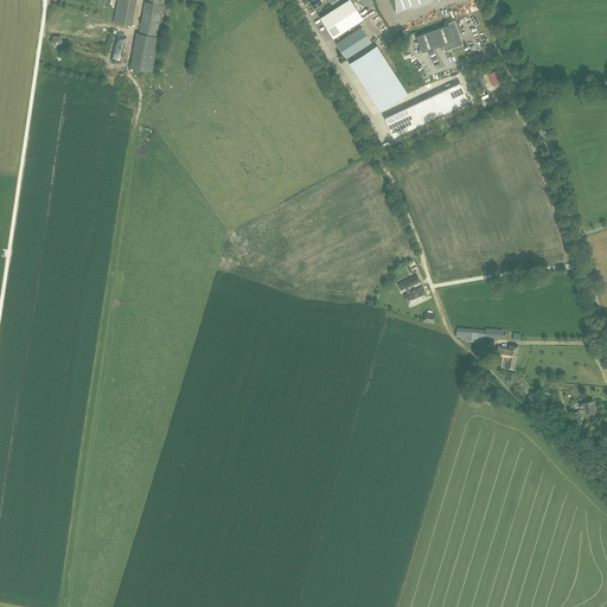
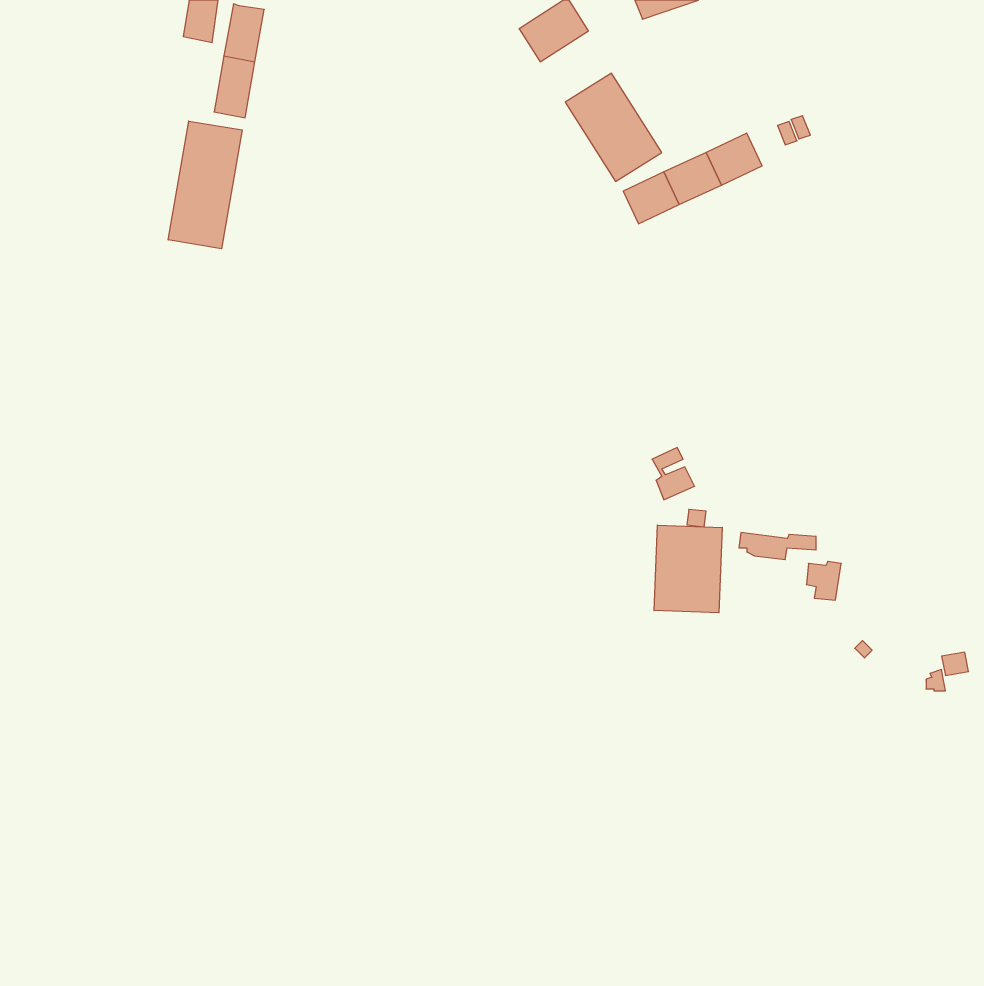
building: [415,23,460,52] -> none
building: [336,27,370,59] -> none
building: none -> [168,121,242,249]
building: none -> [654,525,722,613]

